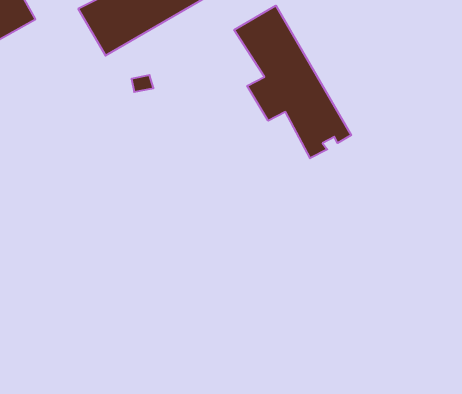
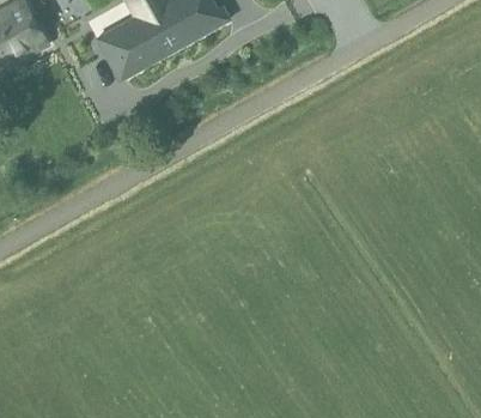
building: [234,6,351,158] -> none

